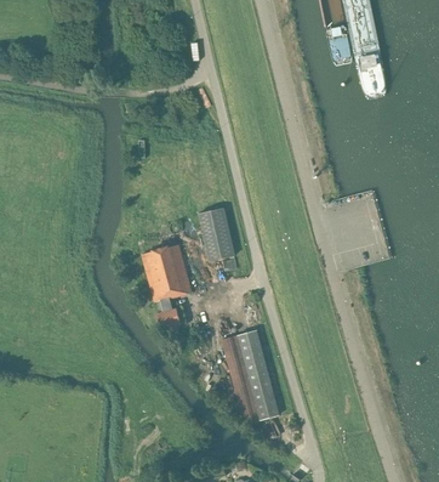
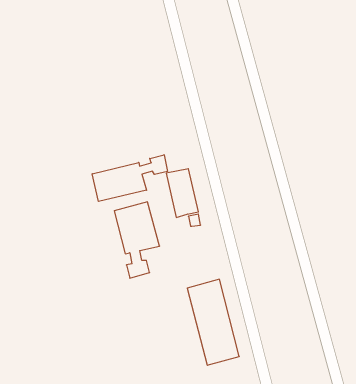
building: none -> [92,155,168,201]

